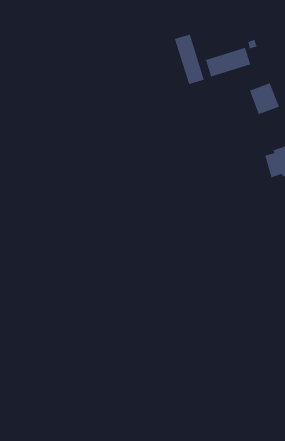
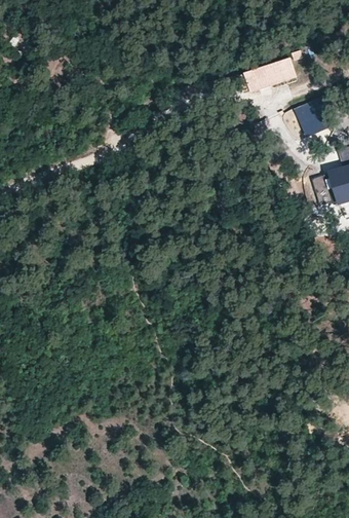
building: [174,34,204,85] -> none

